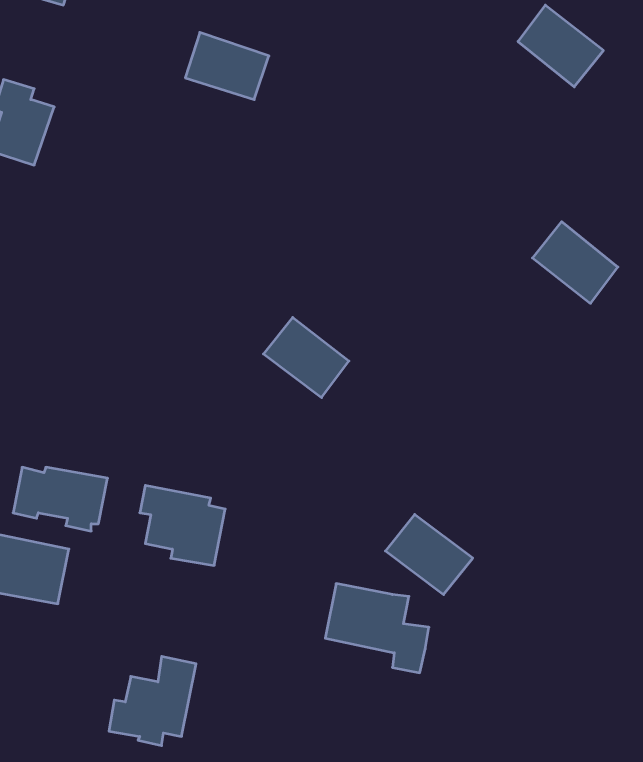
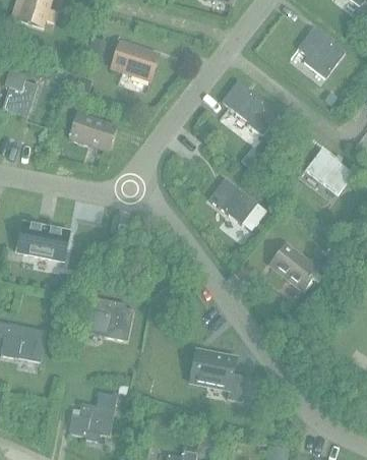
building: none -> [221,80,279,134]
building: none -> [69,113,115,151]
building: [263,317,349,398] -> [208,178,256,223]
building: [13,467,108,531] -> [16,225,69,261]
building: [385,514,473,595] -> [269,244,318,289]

